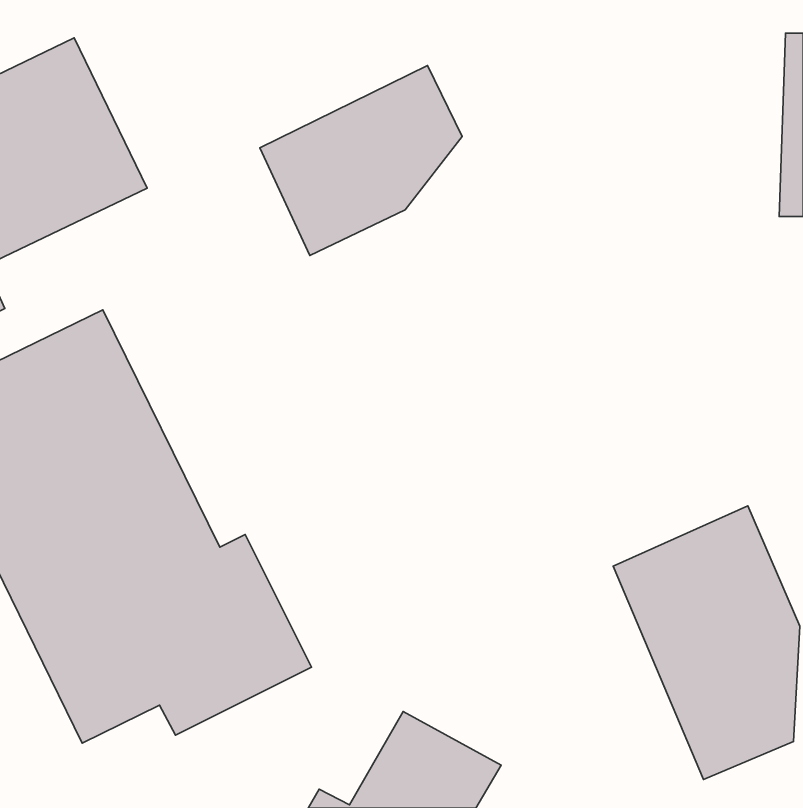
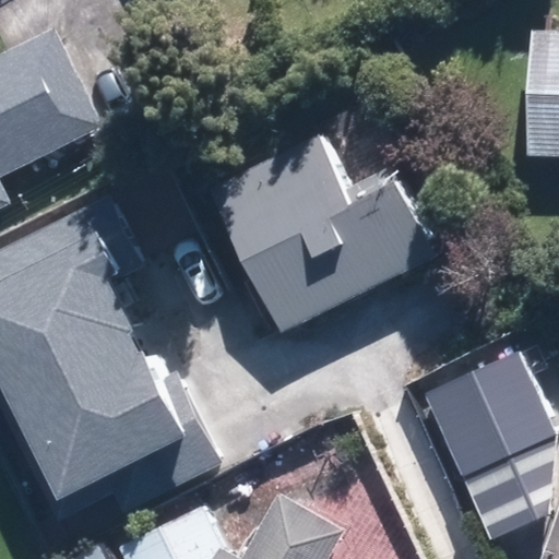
building: [260,66,462,256] -> none
building: none -> [219,126,448,328]

